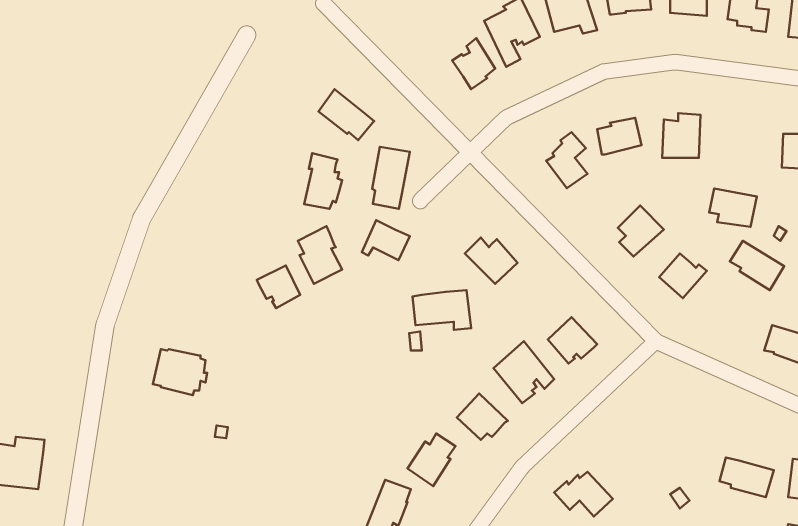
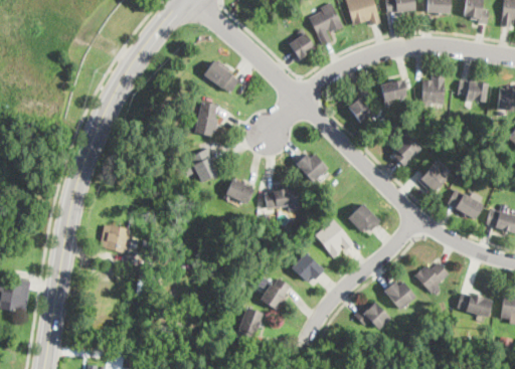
building: [372,147,410,209] -> none
building: [709,189,757,227] -> [458,79,488,104]
building: [362,220,410,260] -> [224,178,254,203]
building: [730,241,784,290] -> [448,190,482,221]
building: [257,266,300,308] -> none
building: none -> [414,262,449,296]
building: none -> [384,282,415,310]

